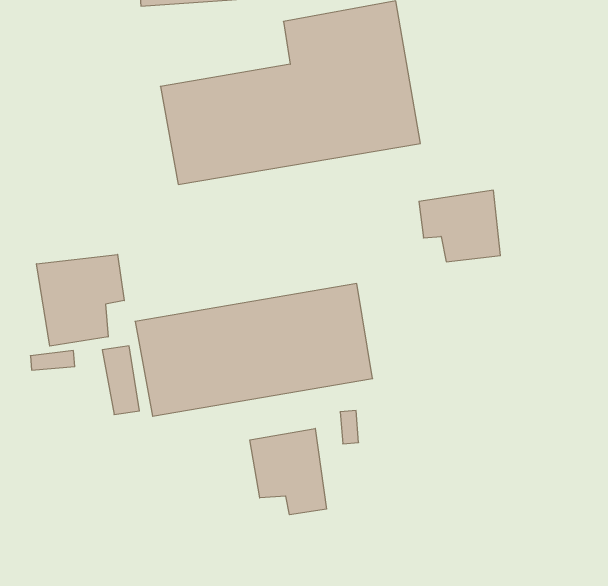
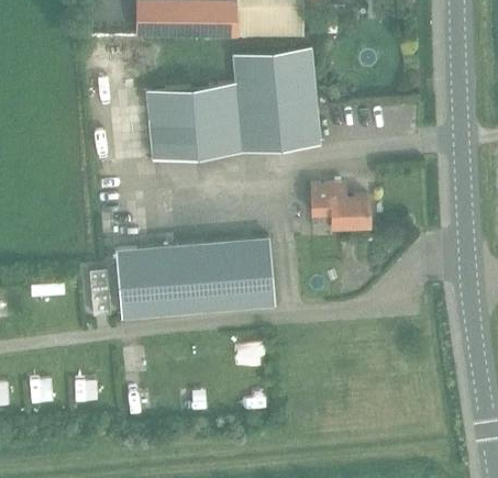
building: [37,254,124,346] -> none
building: [250,428,326,515] -> none

